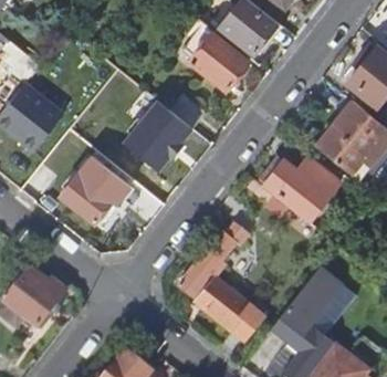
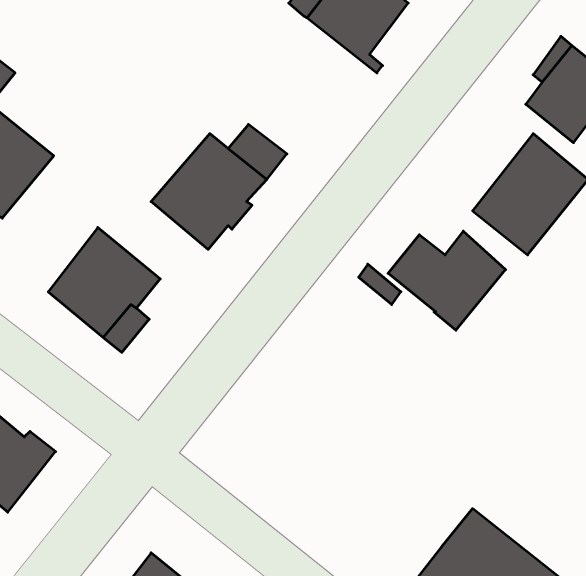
building: [189,33,249,91] -> none
building: [178,222,263,341] -> none
building: [271,261,352,349] -> none

